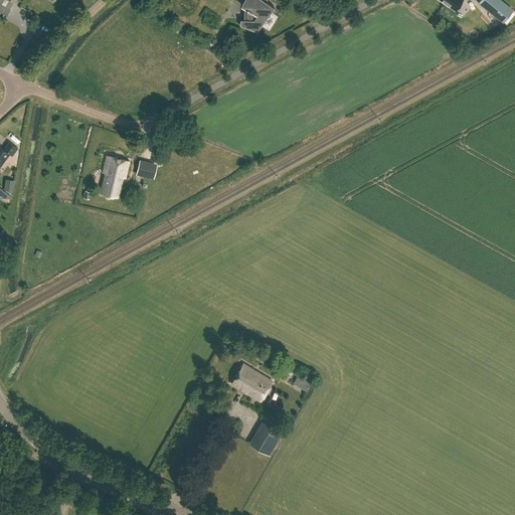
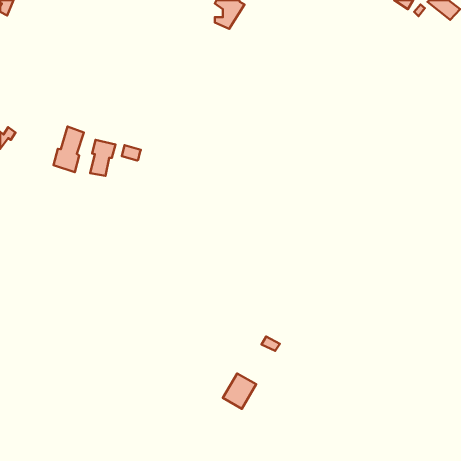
building: none -> [53,126,84,172]
building: [231,363,272,401] -> none

